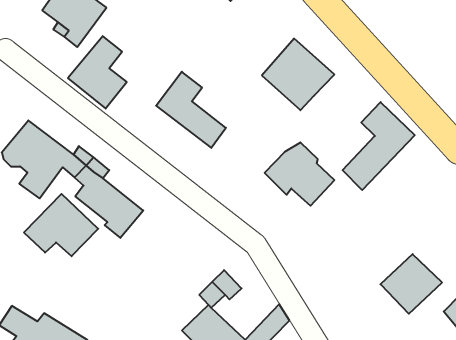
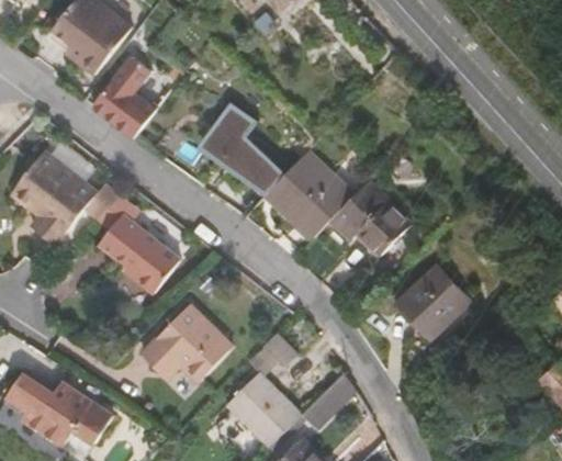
building: [262,39,334,110] -> [261,148,348,234]
building: [343,102,415,190] -> none
building: [24,194,98,256] -> [143,310,232,384]
building: [380,254,442,314] -> [395,269,469,340]

